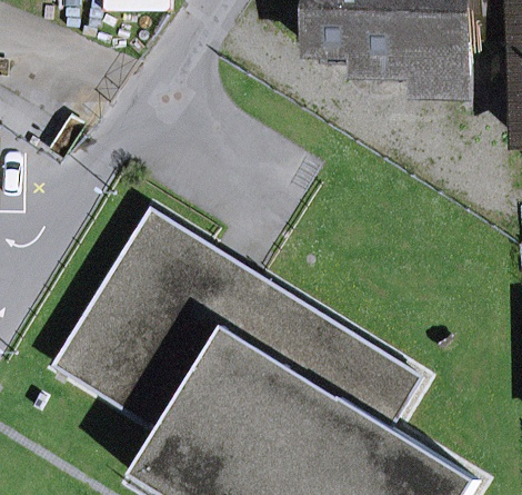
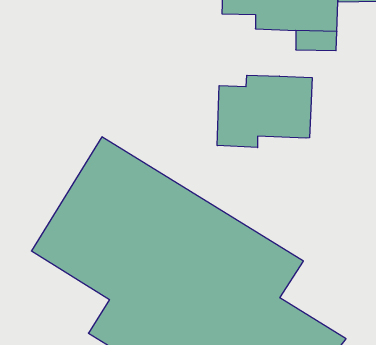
building: none -> [217,75,312,148]

